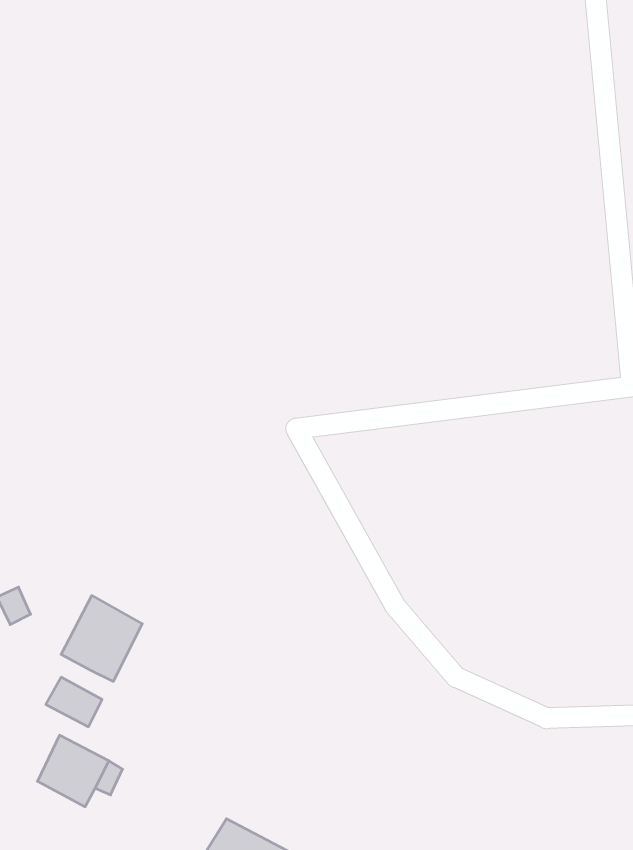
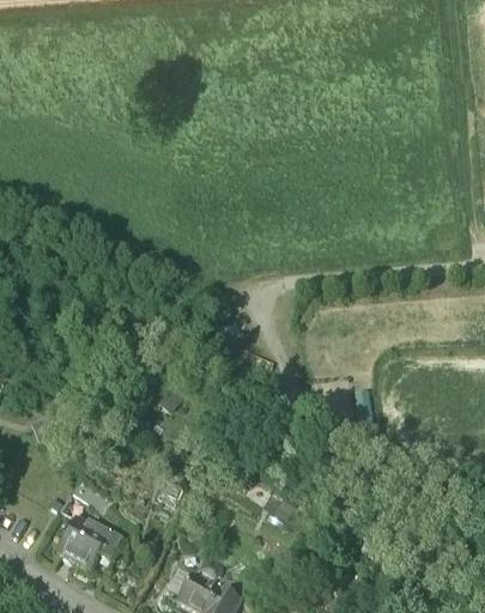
building: [61,596,142,681] -> none

